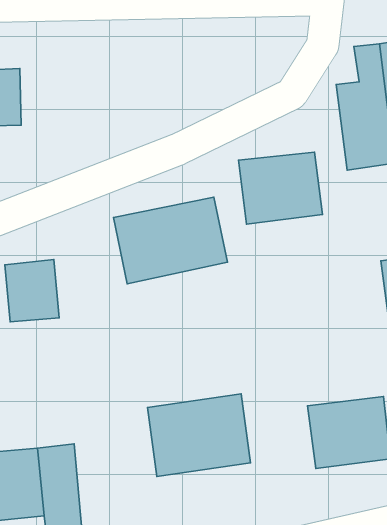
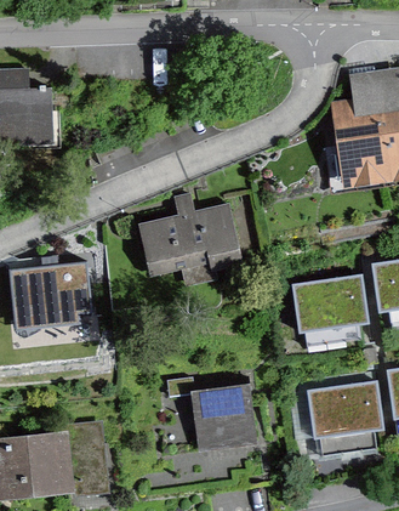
building: [238,152,323,224] -> [291,276,366,340]

